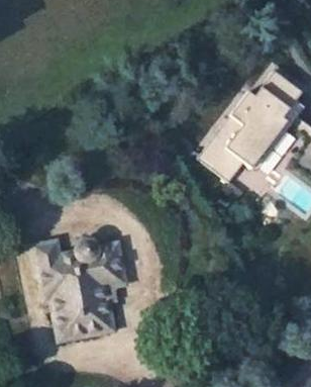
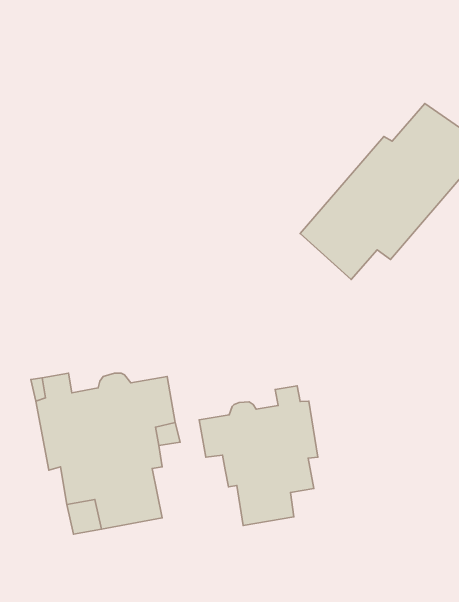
building: none -> [199,386,318,525]

